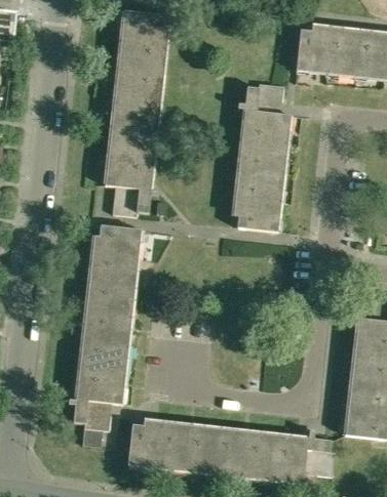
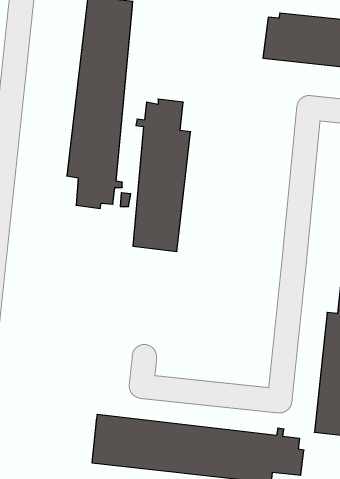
building: [234,83,291,232] -> [133,99,191,251]
building: [69,223,142,447] -> none

